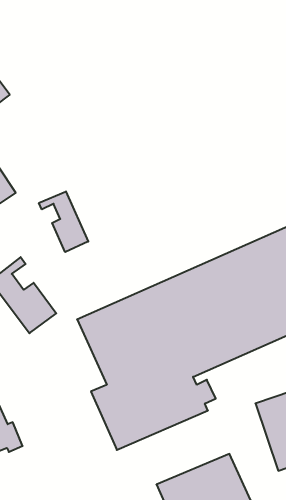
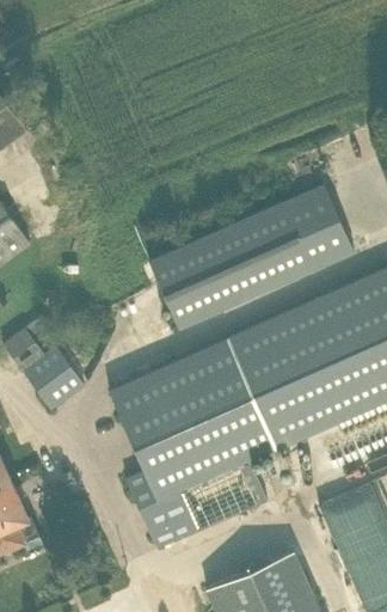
building: none -> [147,184,355,332]
building: [39,191,88,252] -> none

